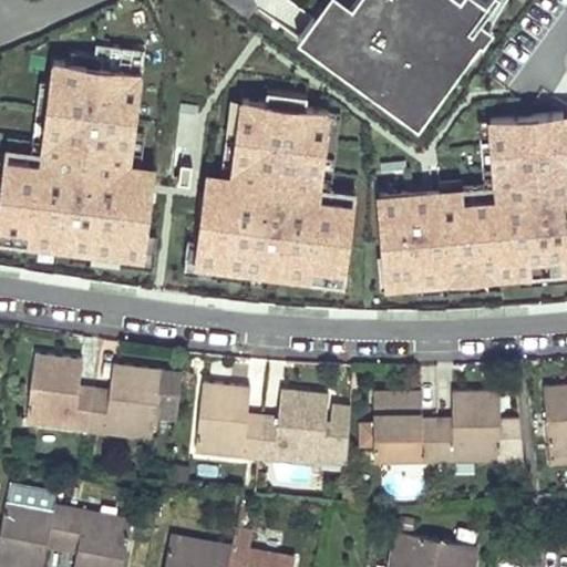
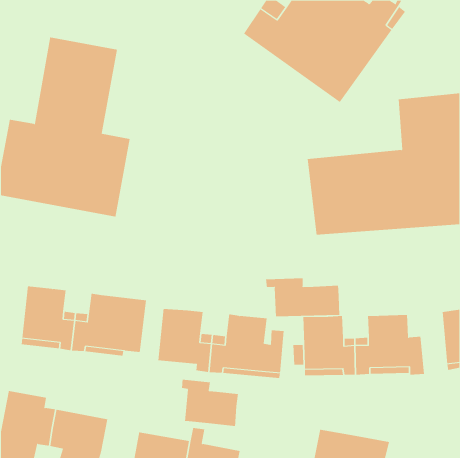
building: [185,102,353,296] -> none
building: none -> [266,277,340,317]
building: none -> [181,379,239,427]

